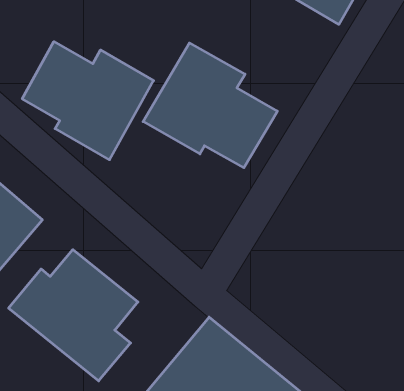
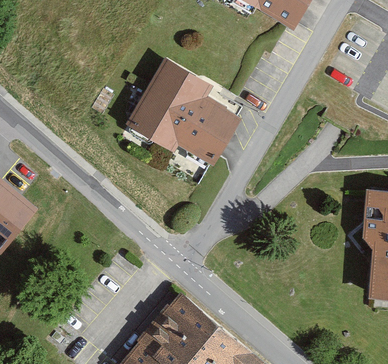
building: [22,42,154,160] -> none
building: [9,250,138,381] -> none

